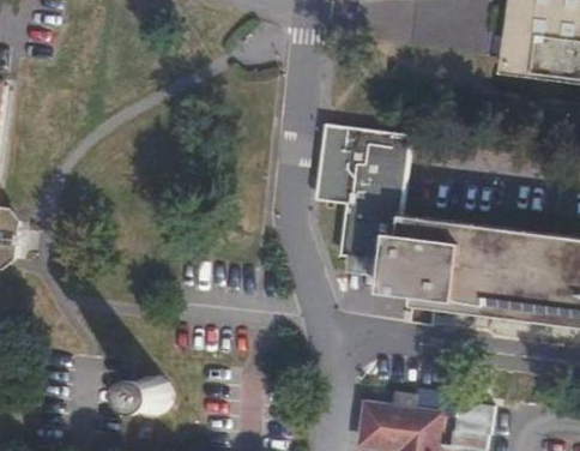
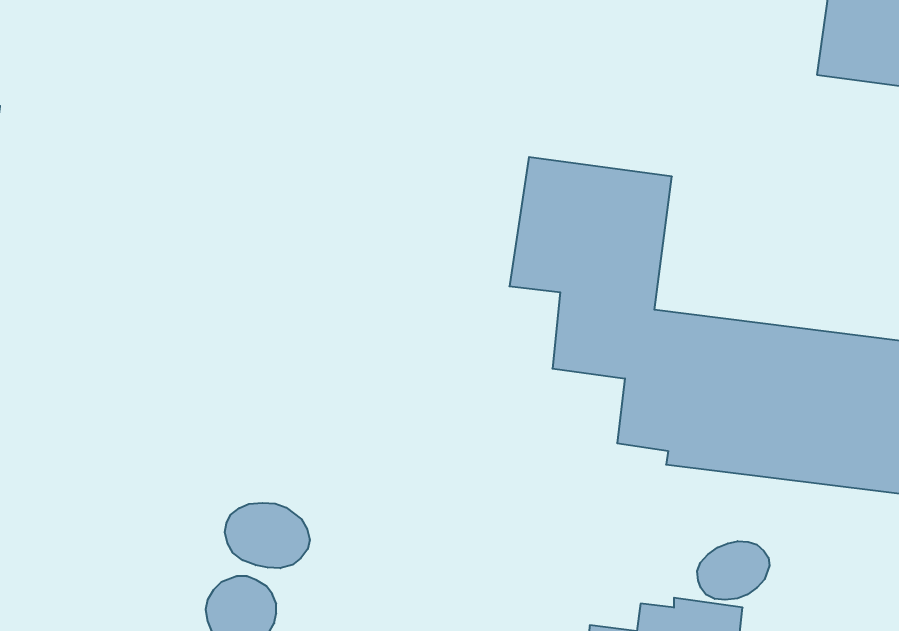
building: none -> [225,503,310,568]
building: none -> [697,541,769,600]

